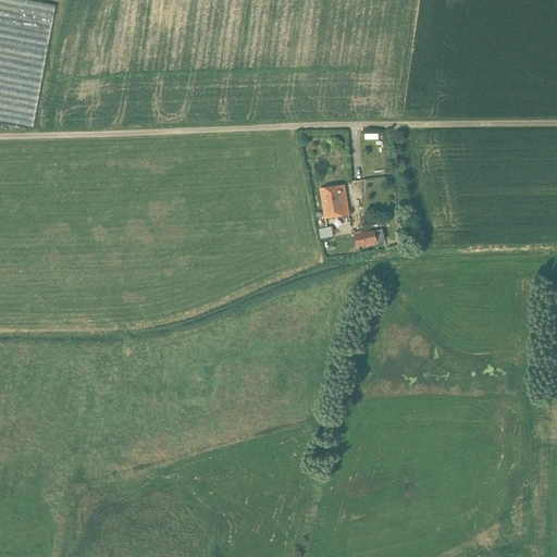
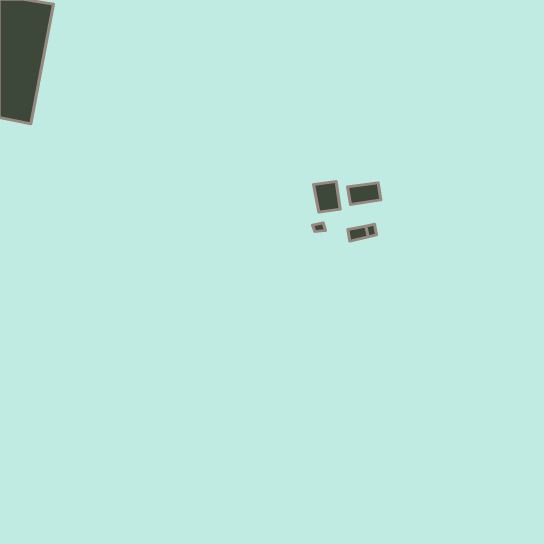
building: none -> [348,183,381,204]

